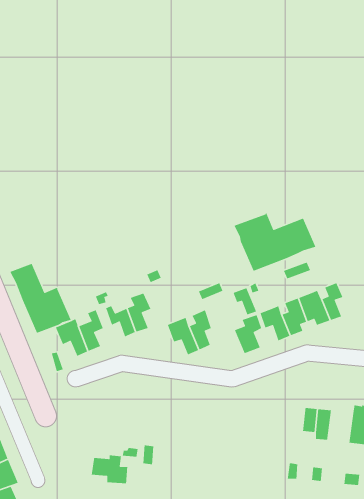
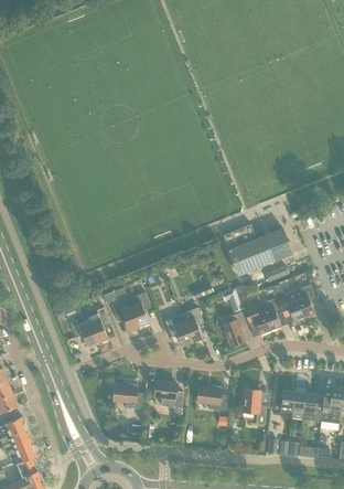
building: [9,263,72,334] -> none
building: none -> [153,382,183,408]
building: none -> [195,385,227,411]
building: none -> [243,390,267,424]
building: none -> [302,393,323,422]
building: [91,455,128,484] -> [111,383,143,408]

